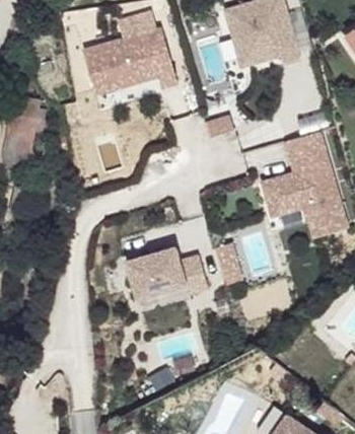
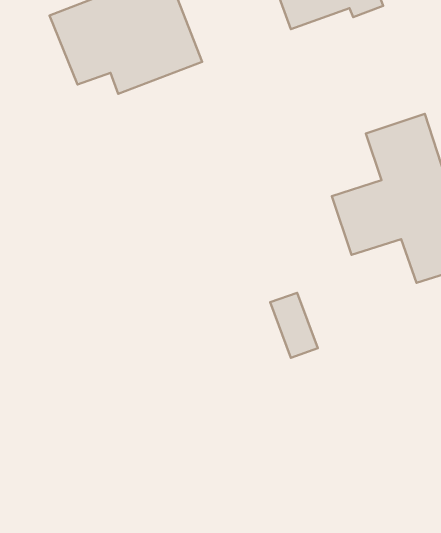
building: [126,248,209,314] -> none

